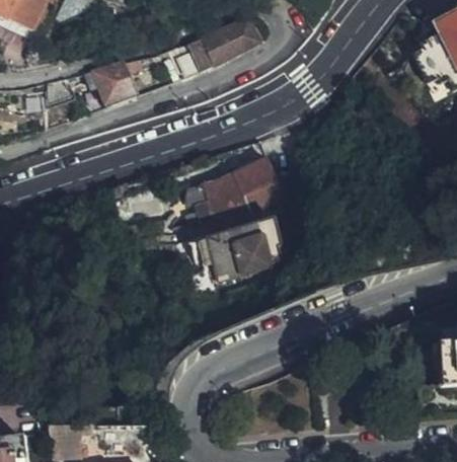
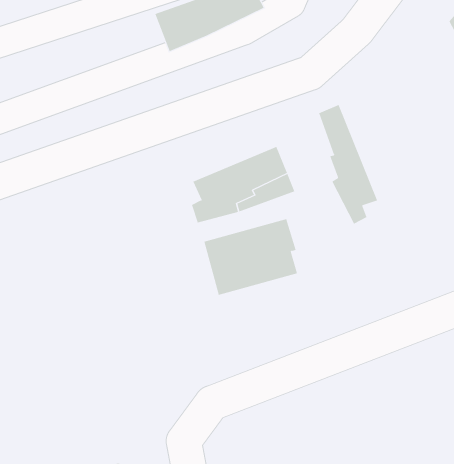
building: [90,61,139,106] -> none
building: none -> [318,104,378,224]

